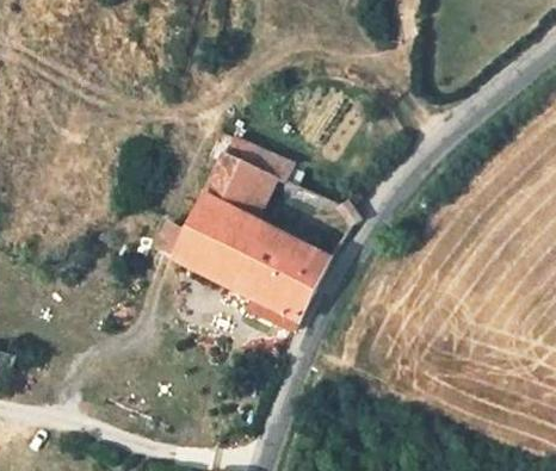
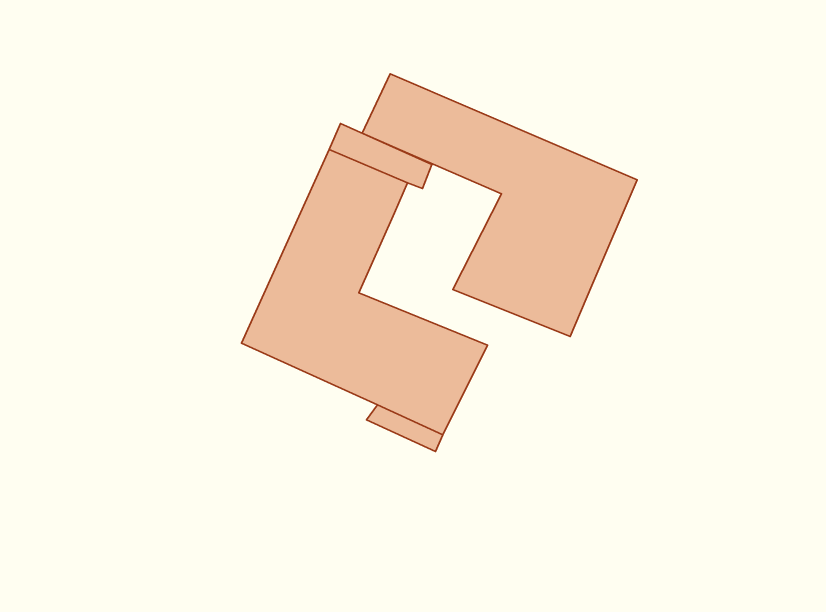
building: none -> [362,74,637,336]

